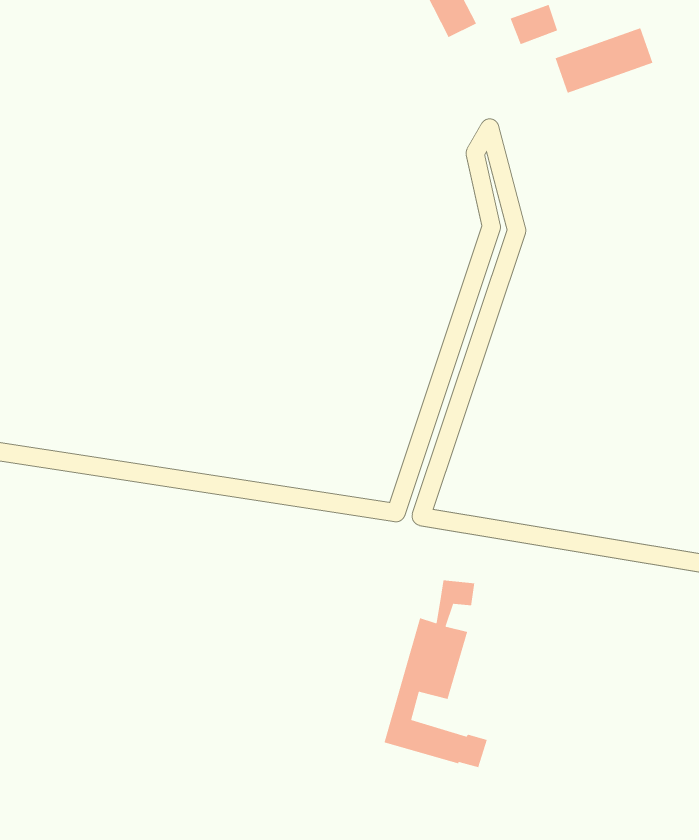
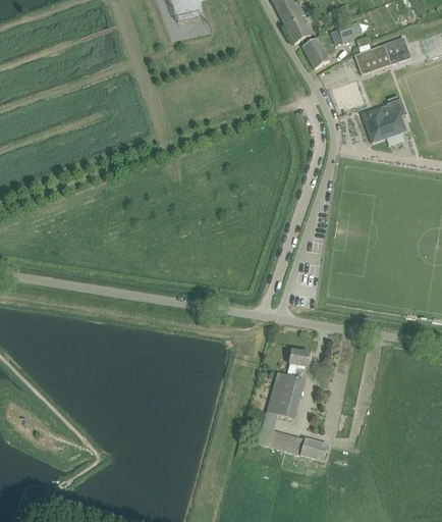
building: none -> [302,37,330,68]
building: none -> [362,97,406,142]

